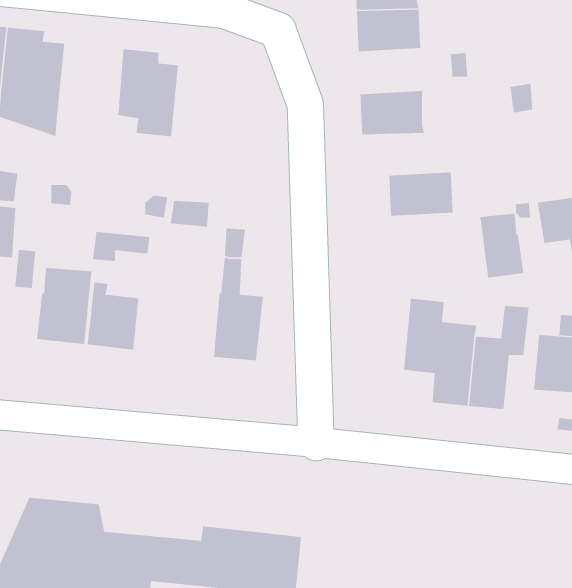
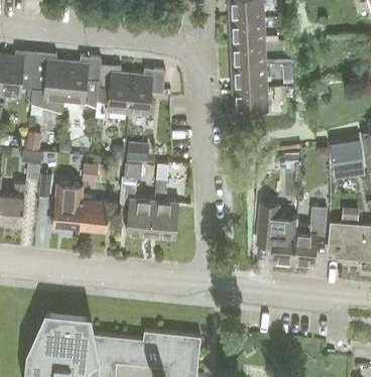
building: none -> [64,56,101,108]
building: none -> [127,69,164,116]
building: [388,171,453,217] -> [231,65,267,90]
building: [480,213,524,279] -> none
building: none -> [119,177,153,237]

